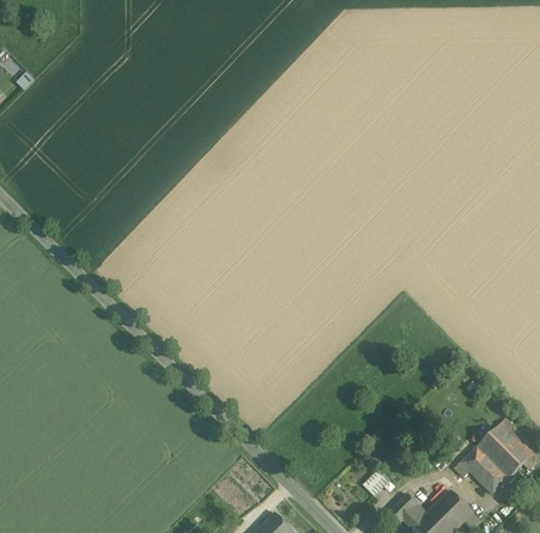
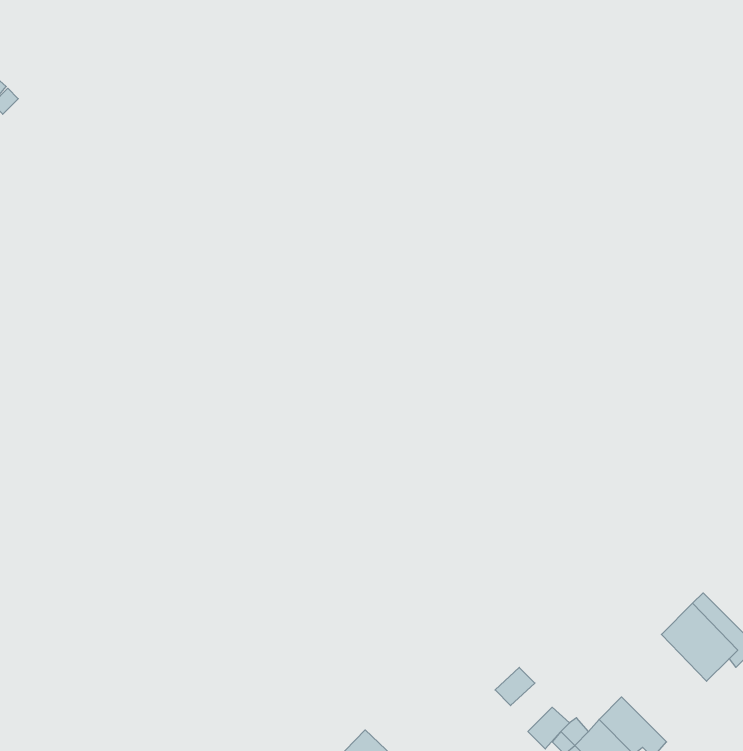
building: [456,446,507,495] -> none

